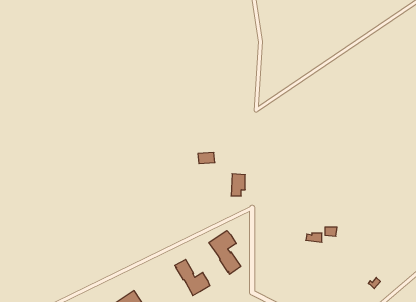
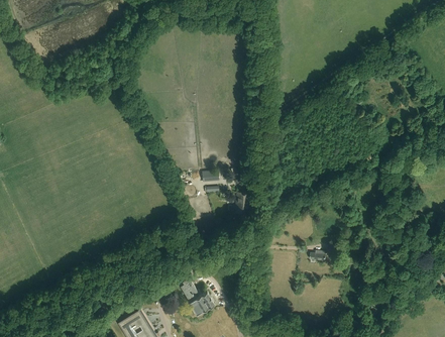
building: [209,231,241,274] -> none

